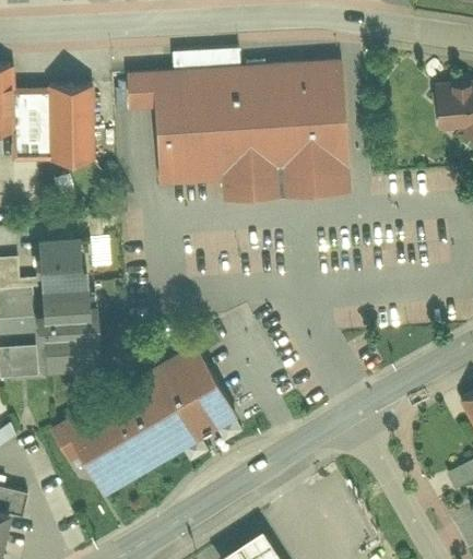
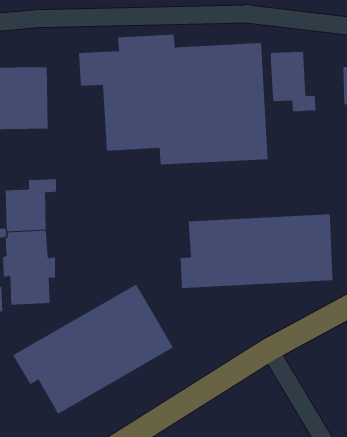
building: none -> [270,51,316,112]
building: none -> [180,214,333,289]

